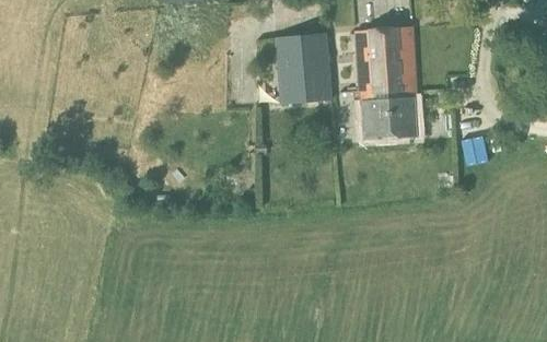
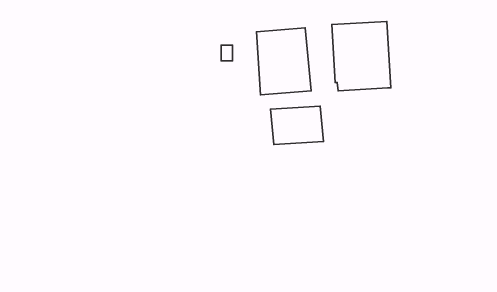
building: [361,96,417,137] -> [271,106,323,145]

